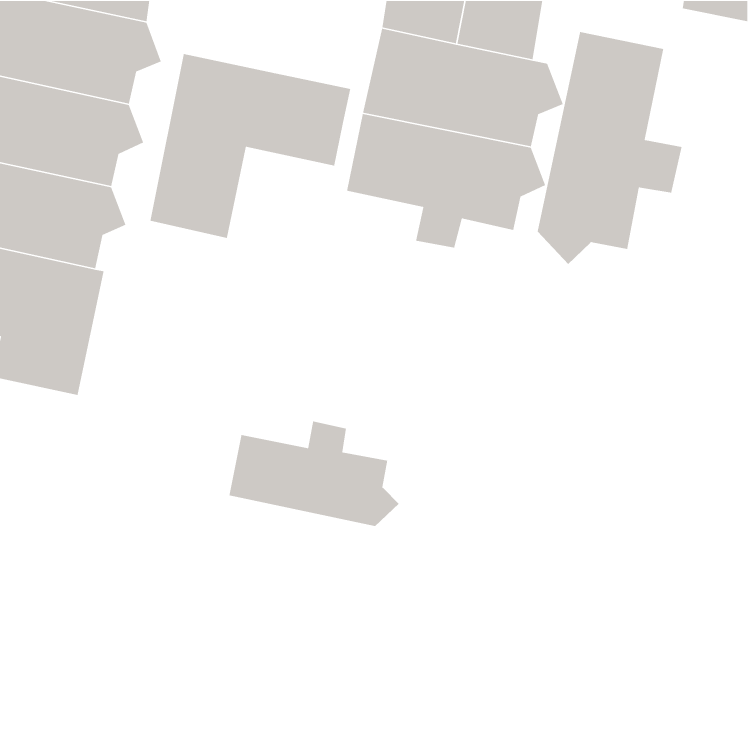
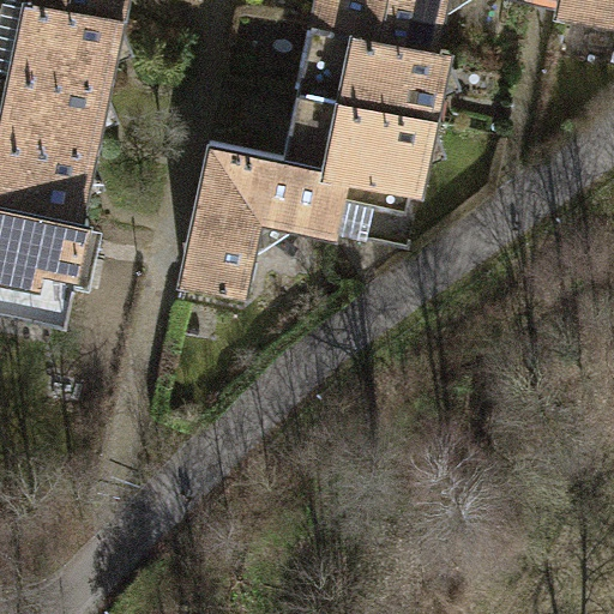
building: [537,31,682,265] -> none
building: [149,53,351,239] -> [180,148,344,299]
building: [228,420,399,527] -> none

